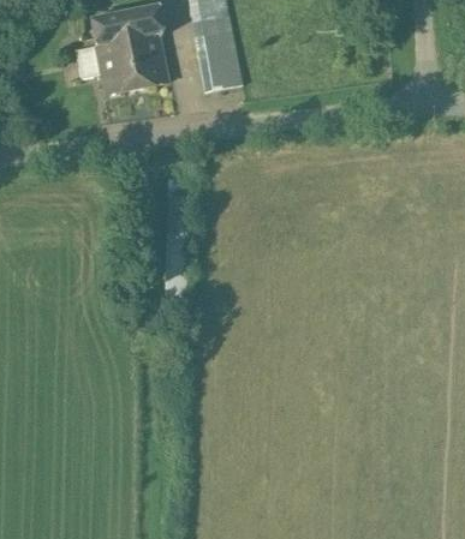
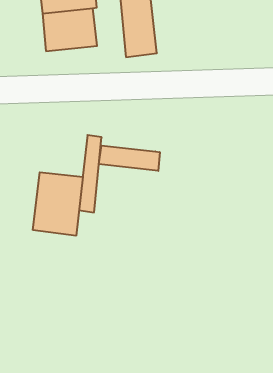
building: none -> [99,145,160,171]
building: none -> [33,172,83,236]

